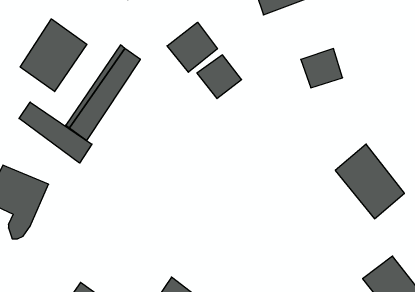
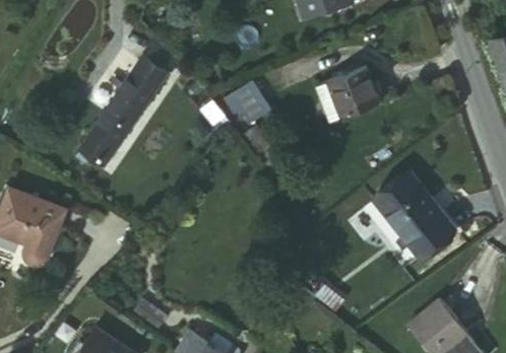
building: [20,19,87,92] -> none
building: [167,22,217,72] -> none
building: [19,102,92,163] -> none

